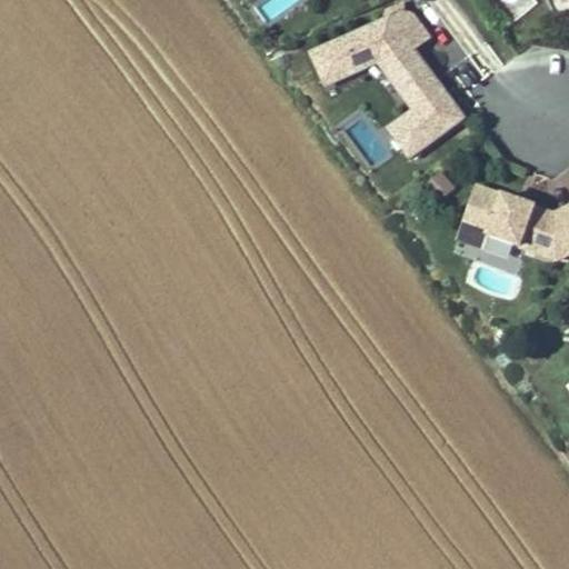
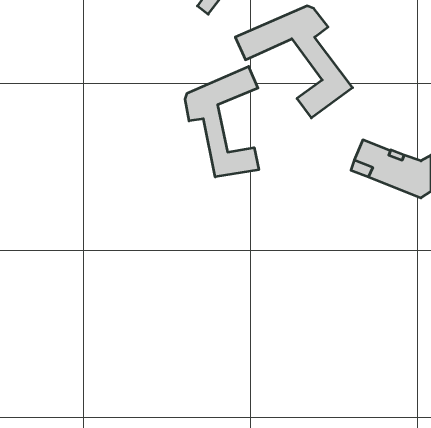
building: none -> [185,66,259,177]

